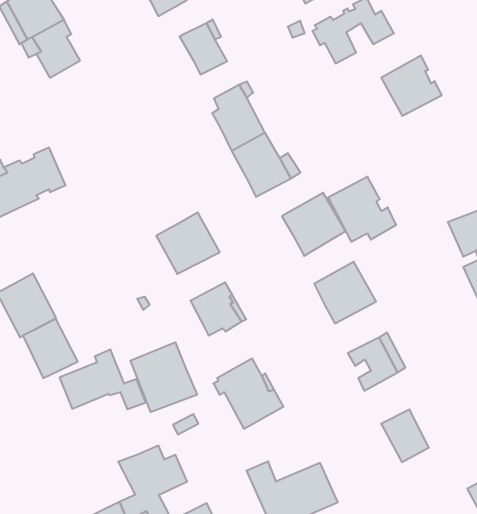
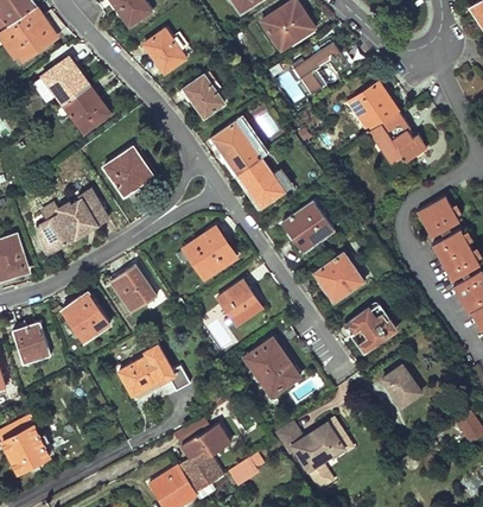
building: none -> [104,147,153,196]
building: [328,177,396,242] -> [369,110,426,164]
building: [23,319,78,378] -> [112,265,158,313]
building: [130,342,197,412] -> none

